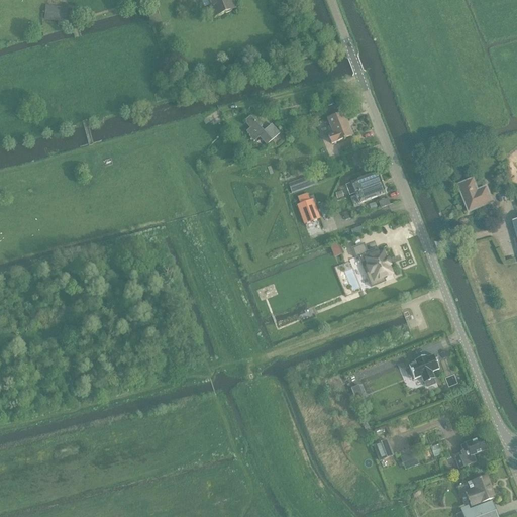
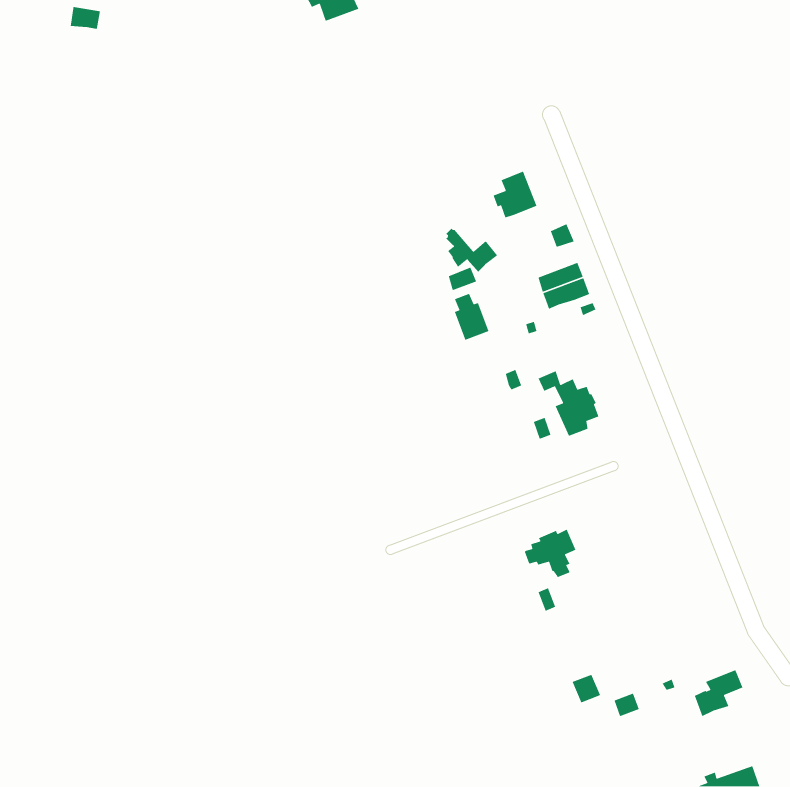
building: [244,114,279,143] -> [446,228,498,273]
building: [457,177,492,209] -> none
building: [404,352,438,385] -> [524,528,577,578]
building: [464,474,494,504] -> none

